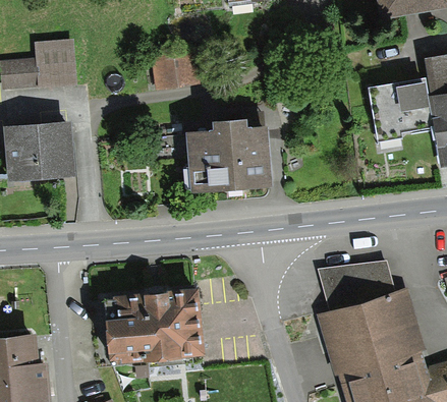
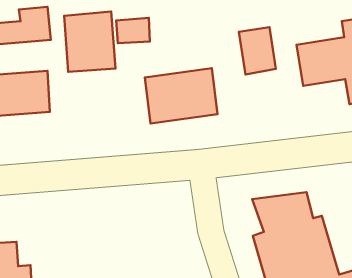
building: none -> [64,11,115,72]
building: none -> [239,27,276,74]
building: [101,299,200,367] -> none

